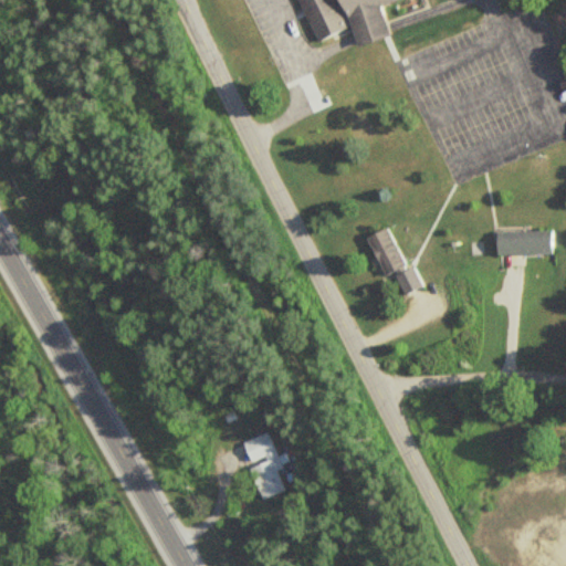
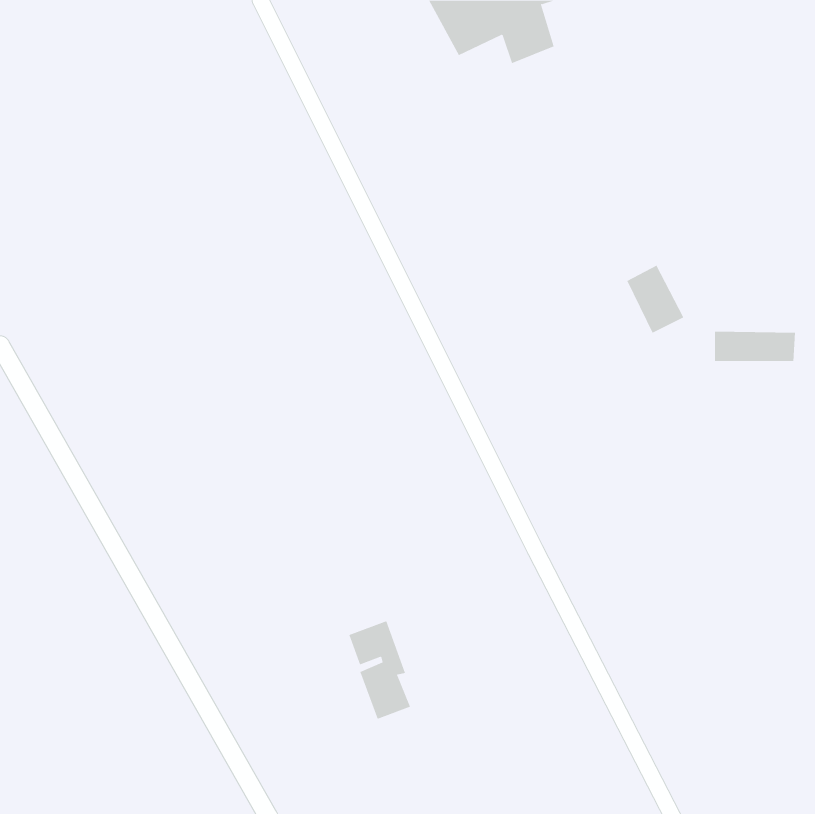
building: [365,228,405,275] -> [626,265,684,334]
building: [394,266,422,294] -> none

